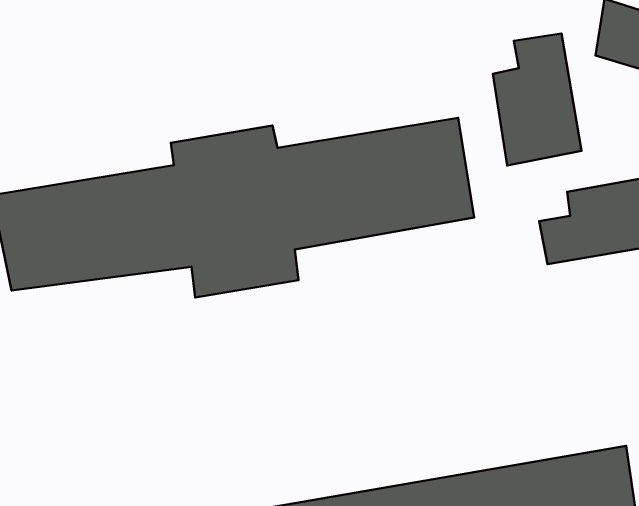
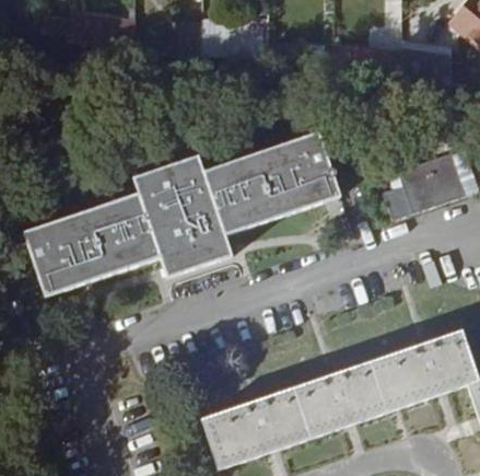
building: [493,34,581,166] -> none

